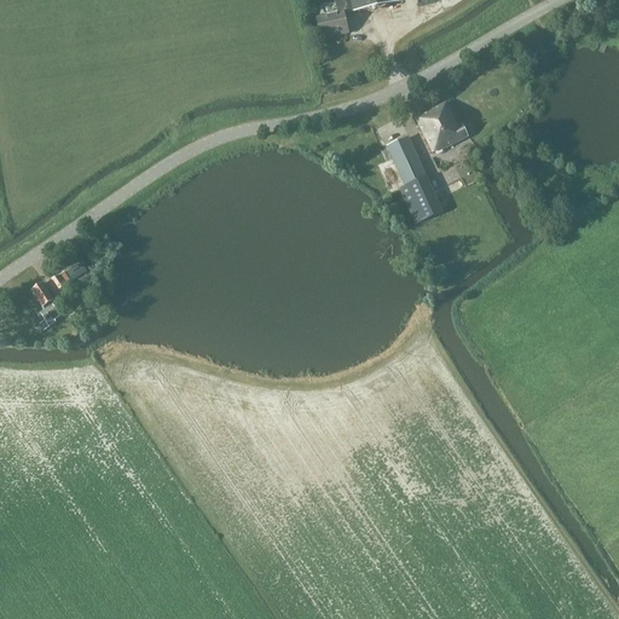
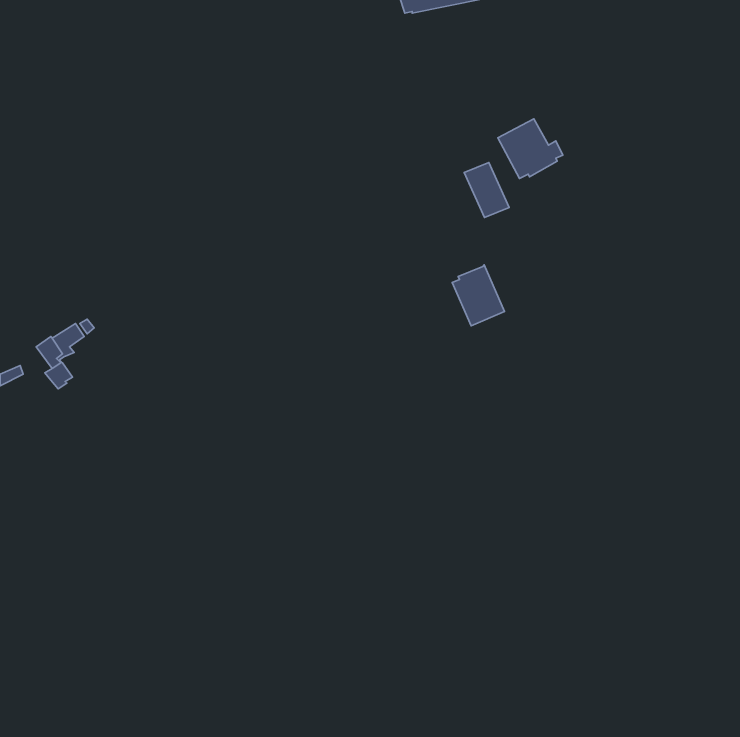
building: [317,10,351,37] -> none
building: [400,172,444,222] -> [452,265,504,326]

